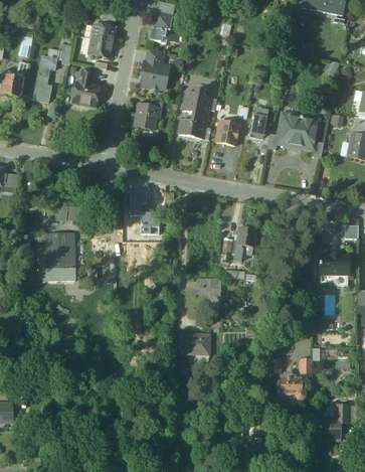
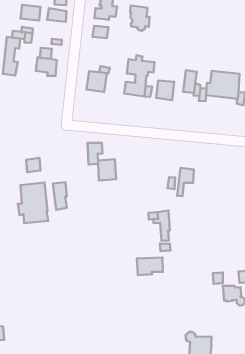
building: [88,38,114,58] -> [21,5,41,20]
building: [143,62,166,94] -> [130,6,150,31]
building: none -> [53,182,67,210]

